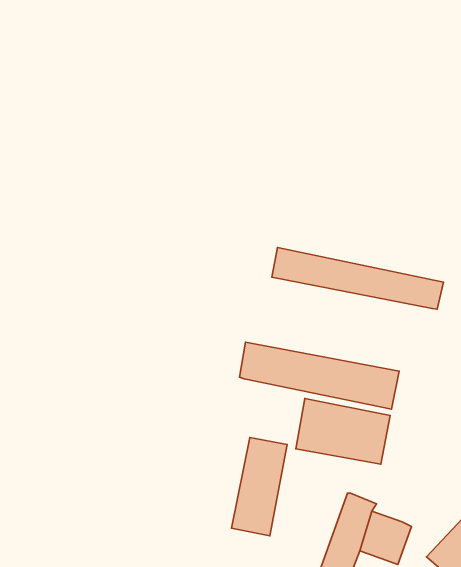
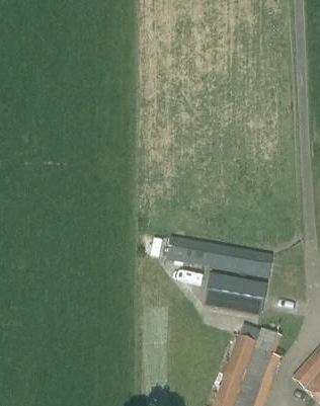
building: [272,248,444,309] -> none
building: [231,437,287,536] -> none

